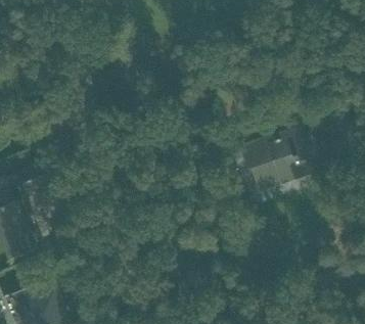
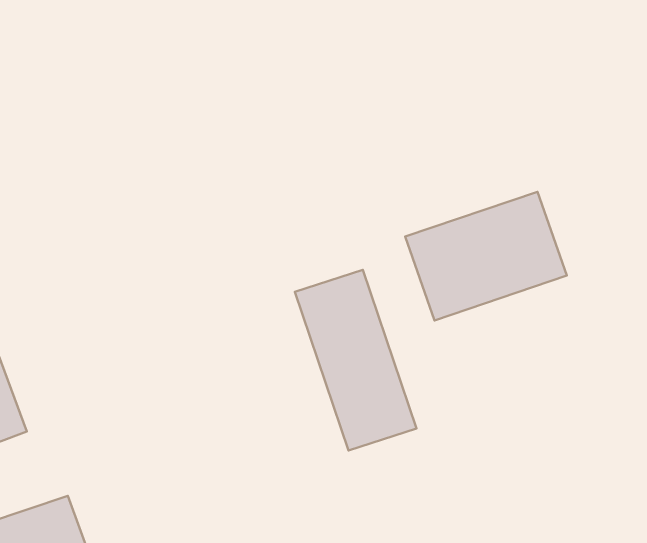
building: none -> [295,270,417,451]

